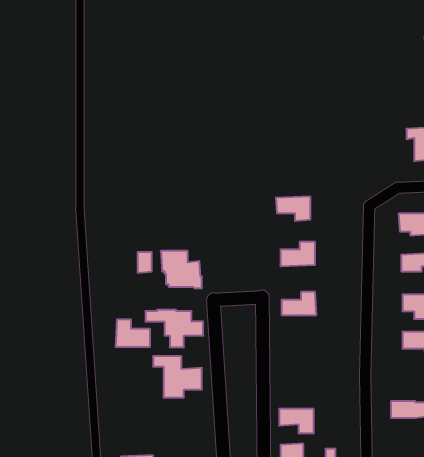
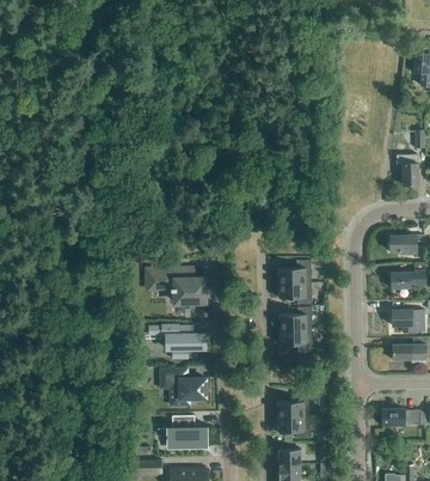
building: [276,197,310,221] -> [278,282,311,305]
building: none -> [280,329,312,351]
building: [116,319,150,347] -> none
building: none -> [277,394,309,416]
building: none -> [167,416,207,447]

